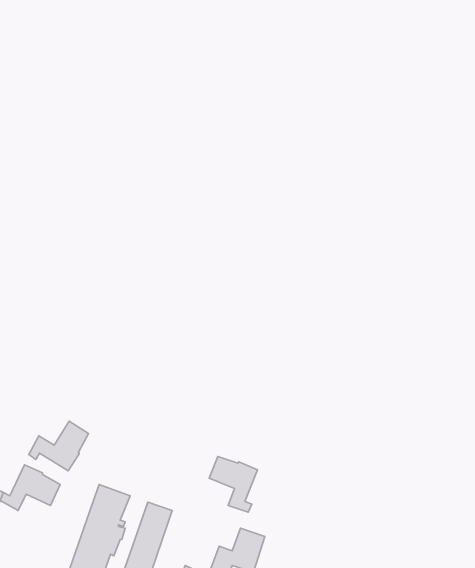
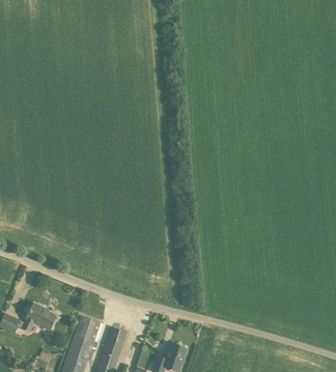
building: [29,421,89,471] -> none
building: [209,456,258,512] -> none

